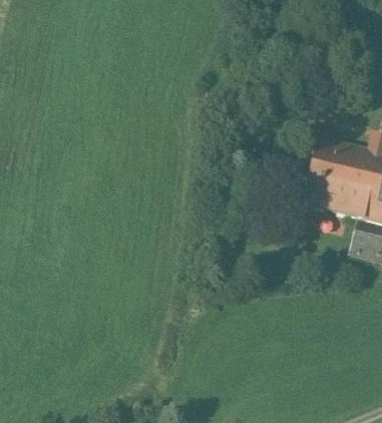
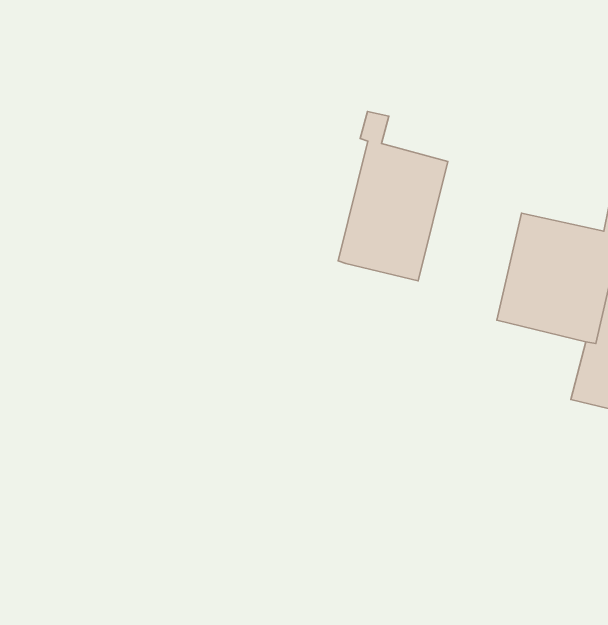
building: none -> [338,111,448,281]

